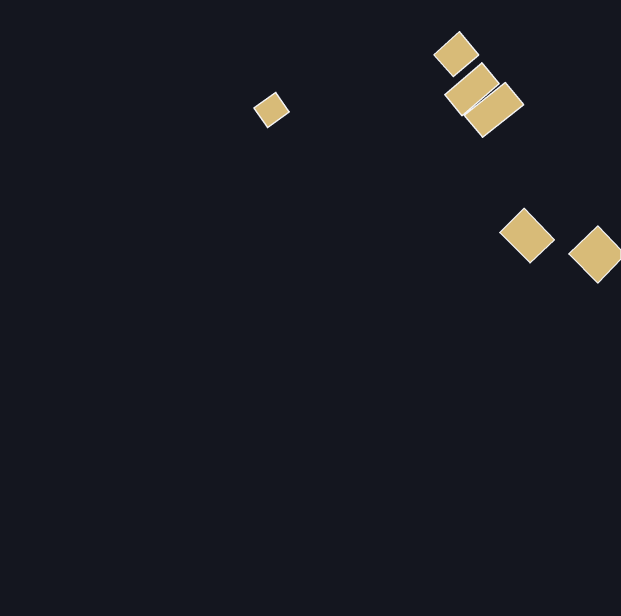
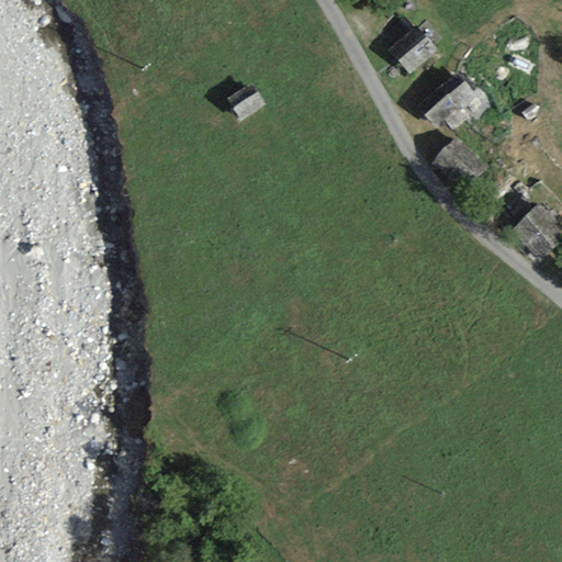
building: [445,63,499,116] -> none
building: [500,208,554,263] -> [434,137,483,187]

